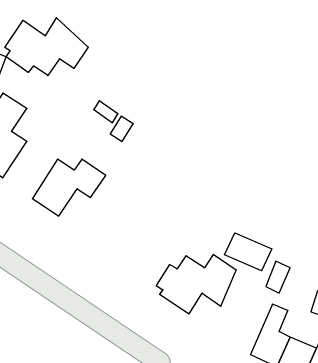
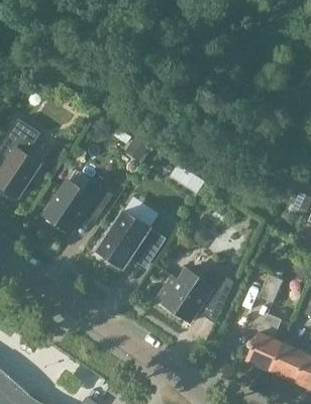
building: [5,18,88,76] -> none
building: none -> [98,210,166,269]
building: [225,233,272,271] -> none

